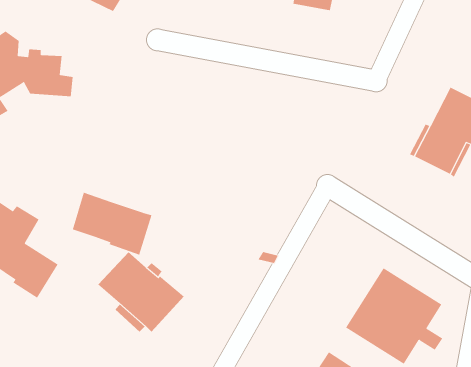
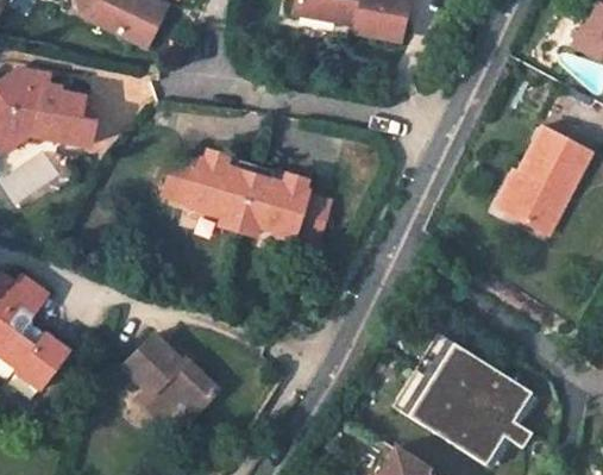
building: none -> [164,150,332,242]
building: [72,192,152,256] -> none
building: none -> [394,333,461,419]

